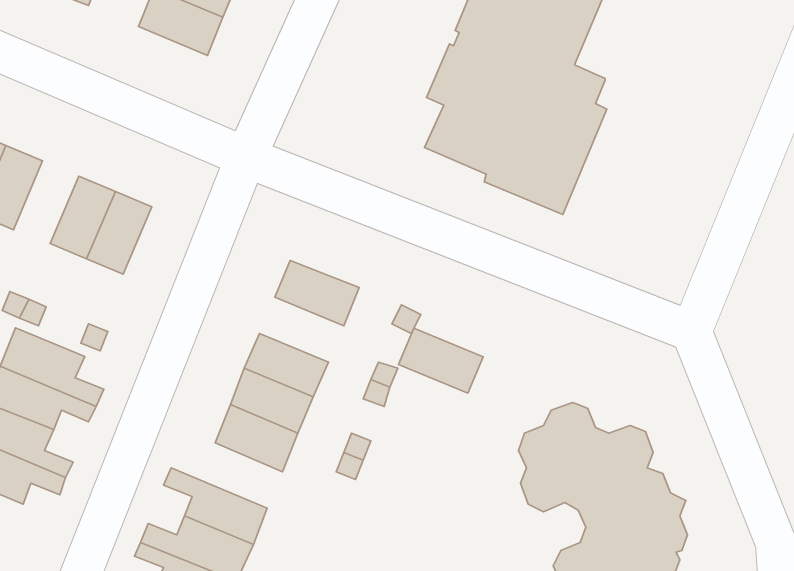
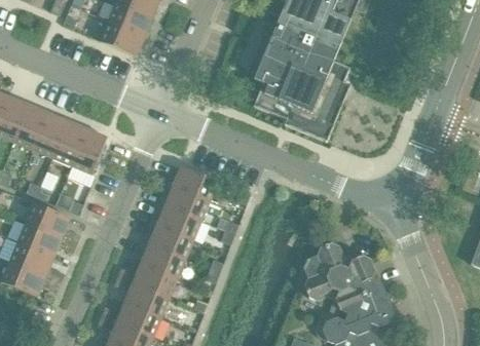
building: none -> [32,111,67,155]
building: [399,328,483,393] -> [163,184,209,219]
building: none -> [116,262,176,297]

